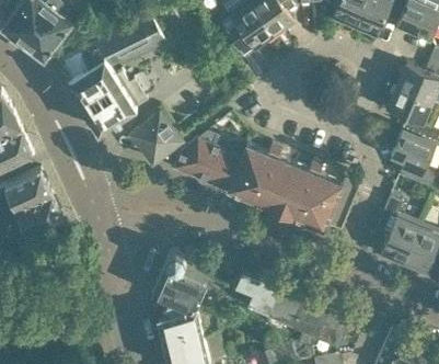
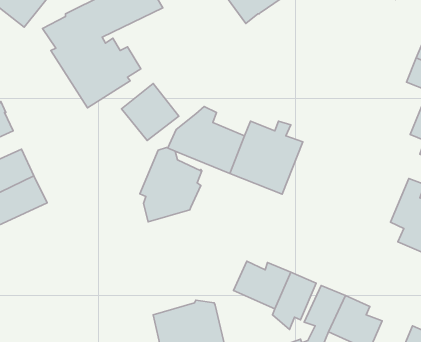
building: [275,161,360,231] -> none
building: [151,252,207,319] -> [140,148,202,222]

